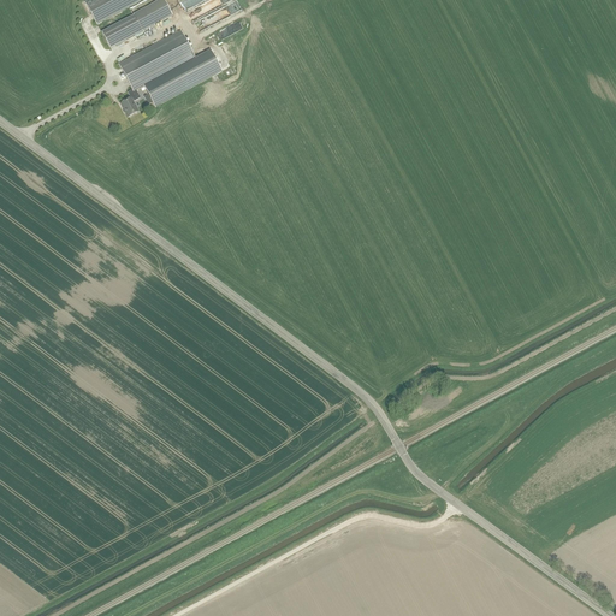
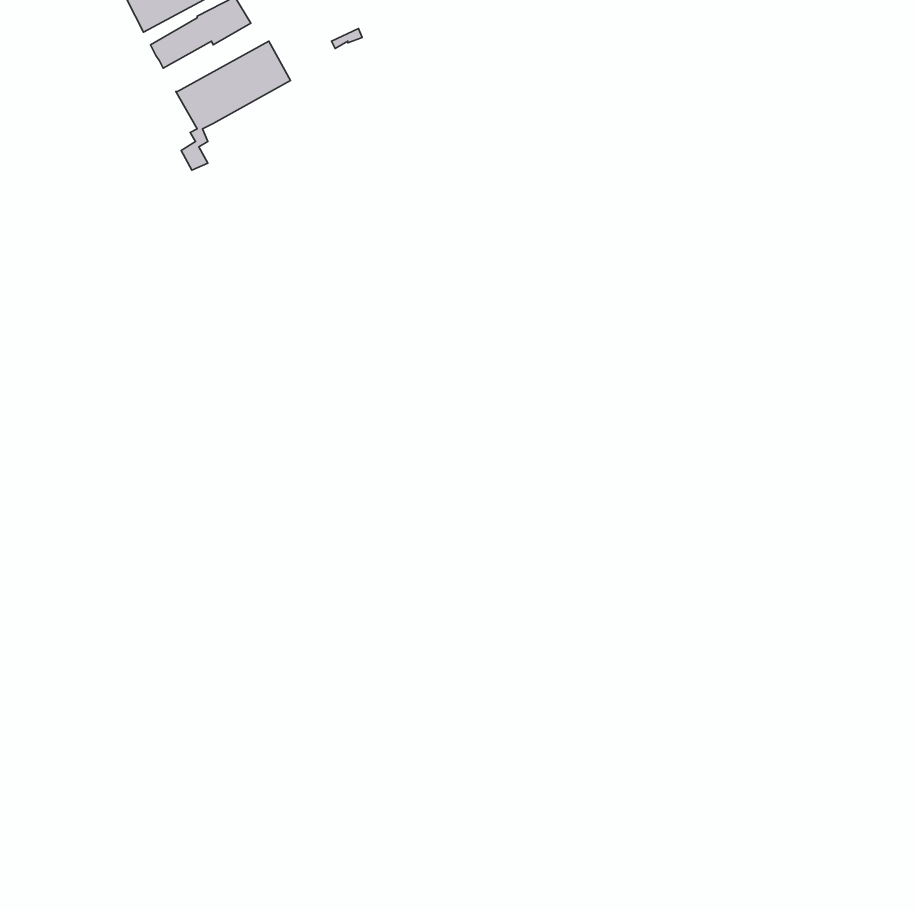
building: [143,47,223,106] -> none

